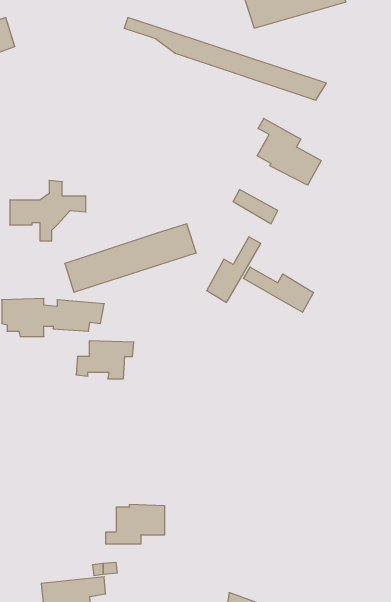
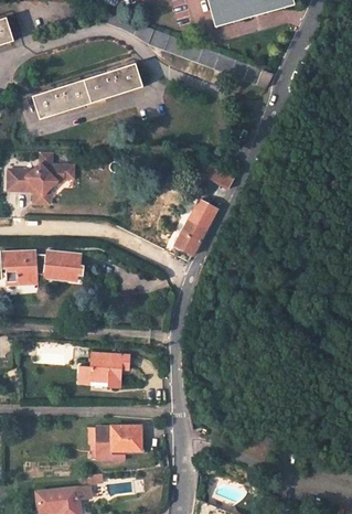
building: [257,118,321,185] -> none
building: [65,224,196,292] -> [31,62,141,119]
building: [243,267,313,312] -> none
building: [76,341,134,379] -> [78,354,127,386]

